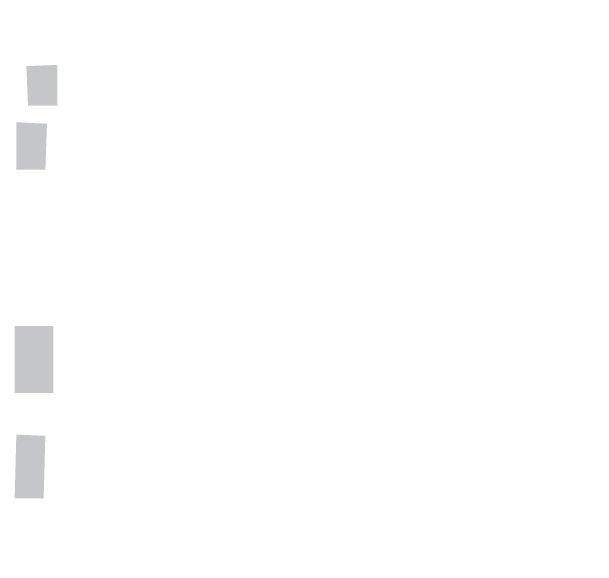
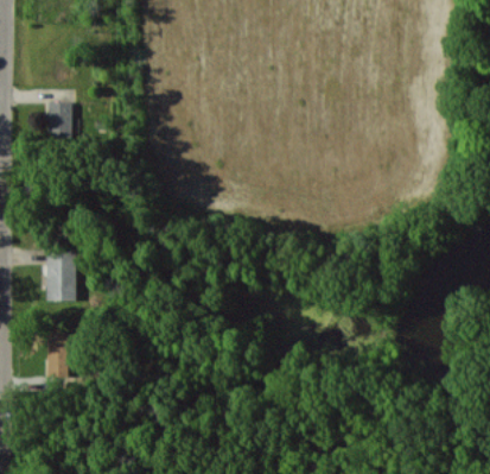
building: [26,64,58,107] -> none

